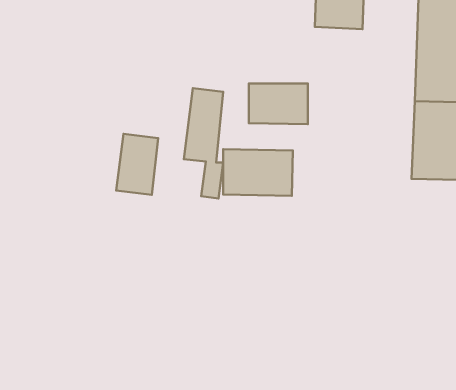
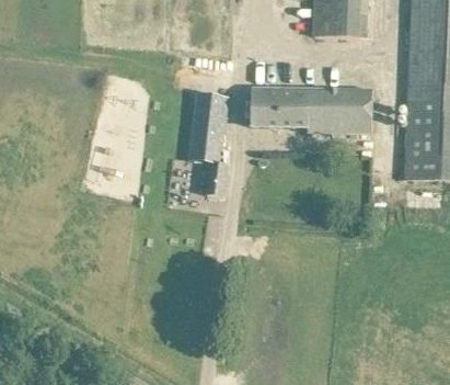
building: [116,134,158,195] -> none
building: [223,149,293,196] -> [308,88,373,132]

